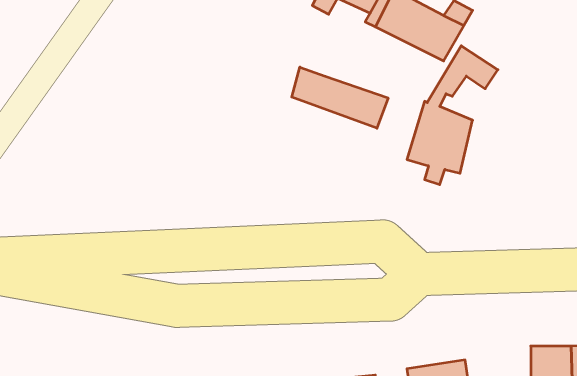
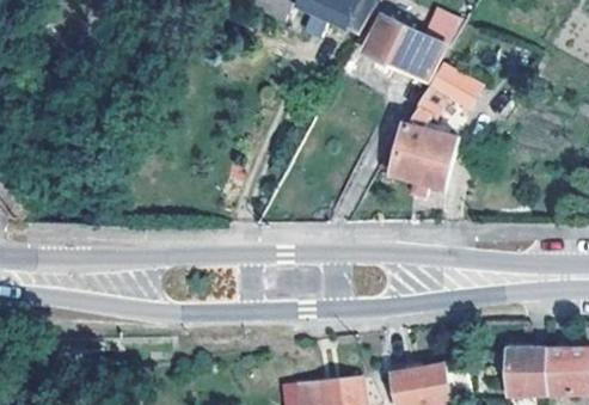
building: [292,67,388,128] -> none

